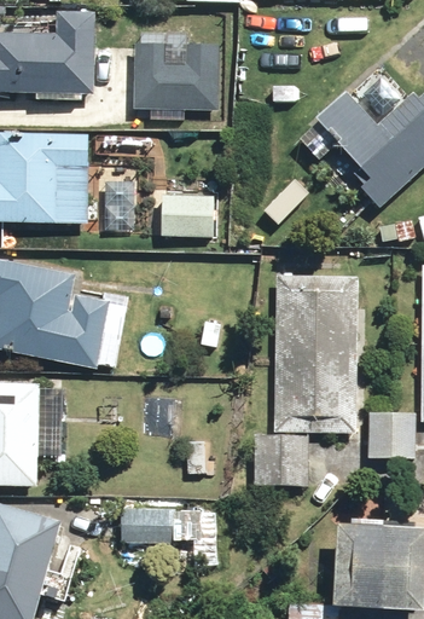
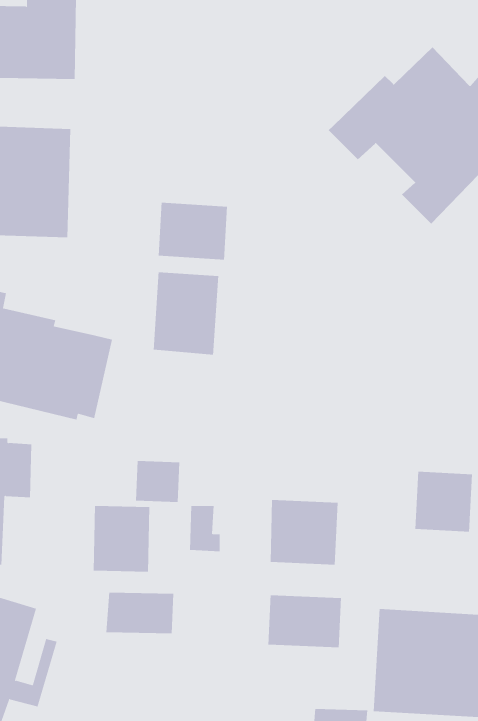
building: [132,44,217,111] -> none
building: none -> [153,272,219,356]
building: [272,277,359,432] -> none
building: none -> [93,505,150,572]
building: none -> [268,595,342,648]

